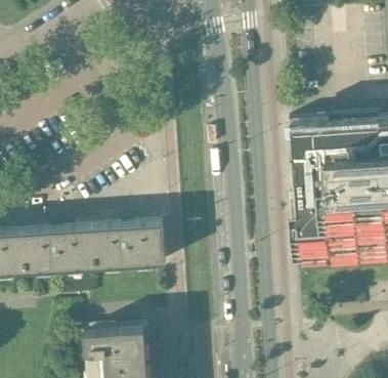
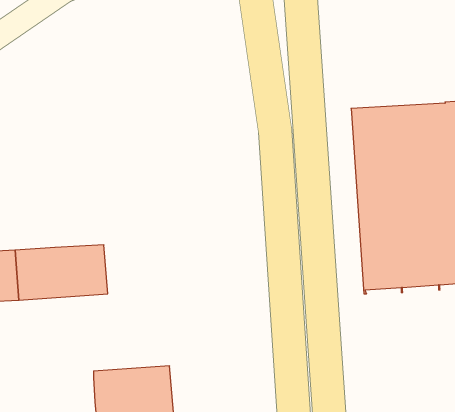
building: [92,220,166,265] -> none

